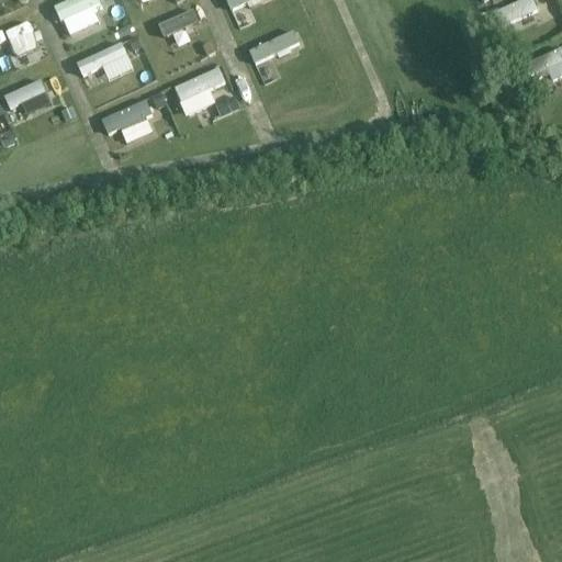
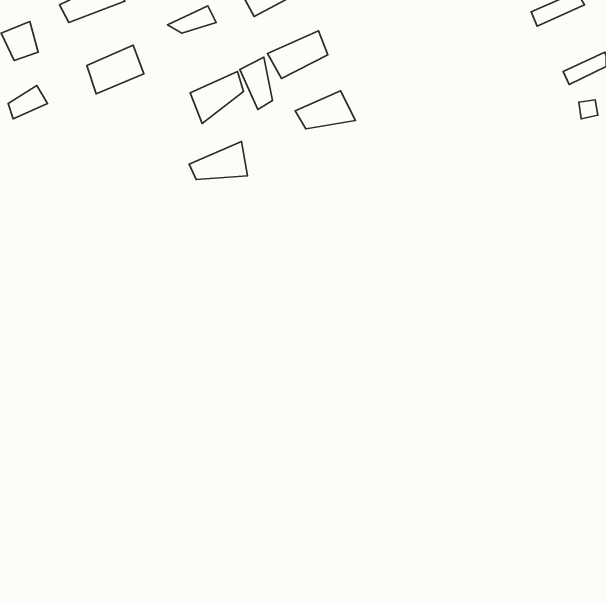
building: none -> [240,57,272,110]
building: none -> [295,91,356,129]
building: [100,99,154,134] -> [189,141,247,179]

